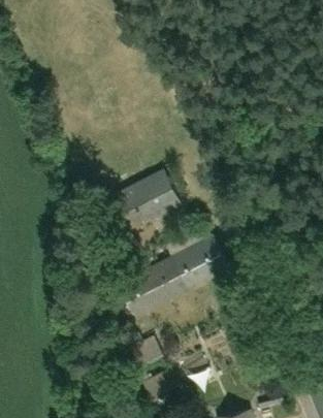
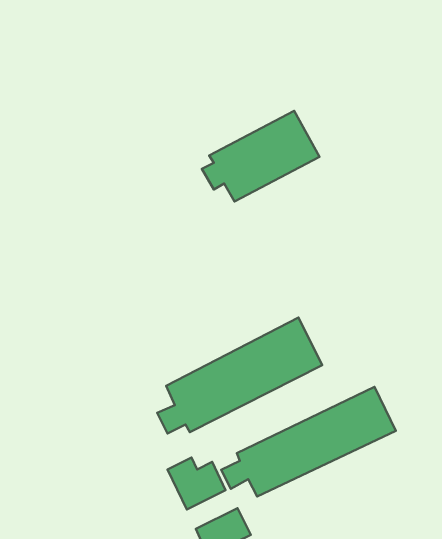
building: [99,170,181,233] -> [202,111,319,202]
building: none -> [221,387,396,496]

